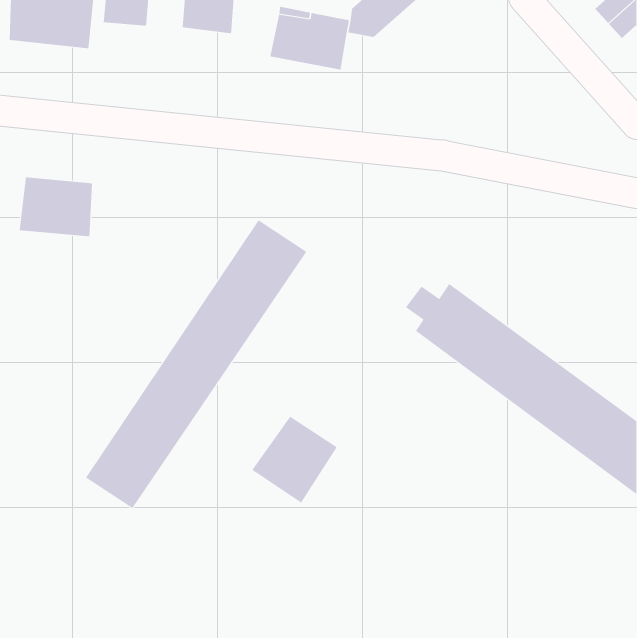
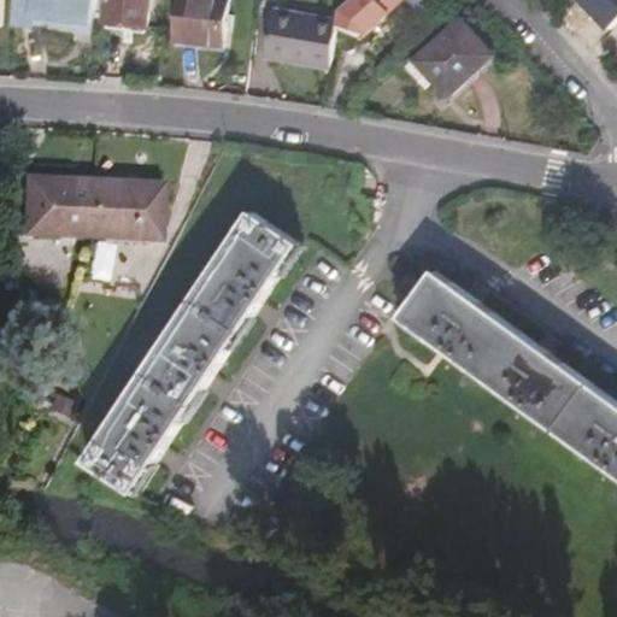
building: none -> [415,18,492,94]
building: none -> [87,176,159,234]
building: [252,416,337,503] -> none

